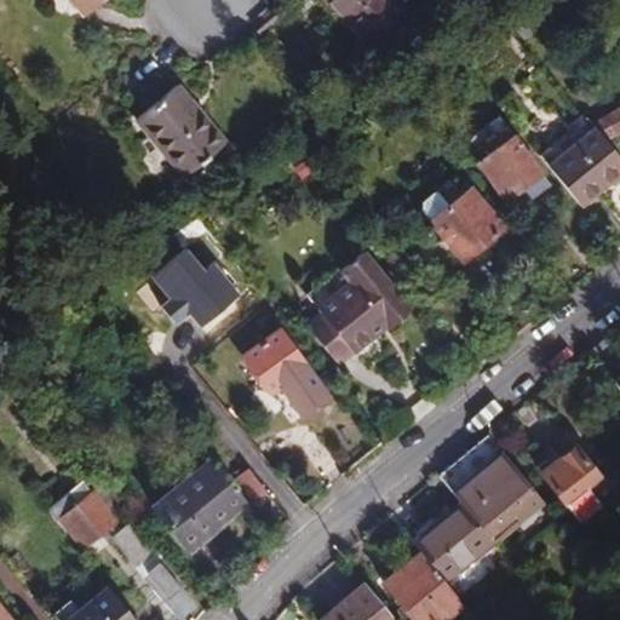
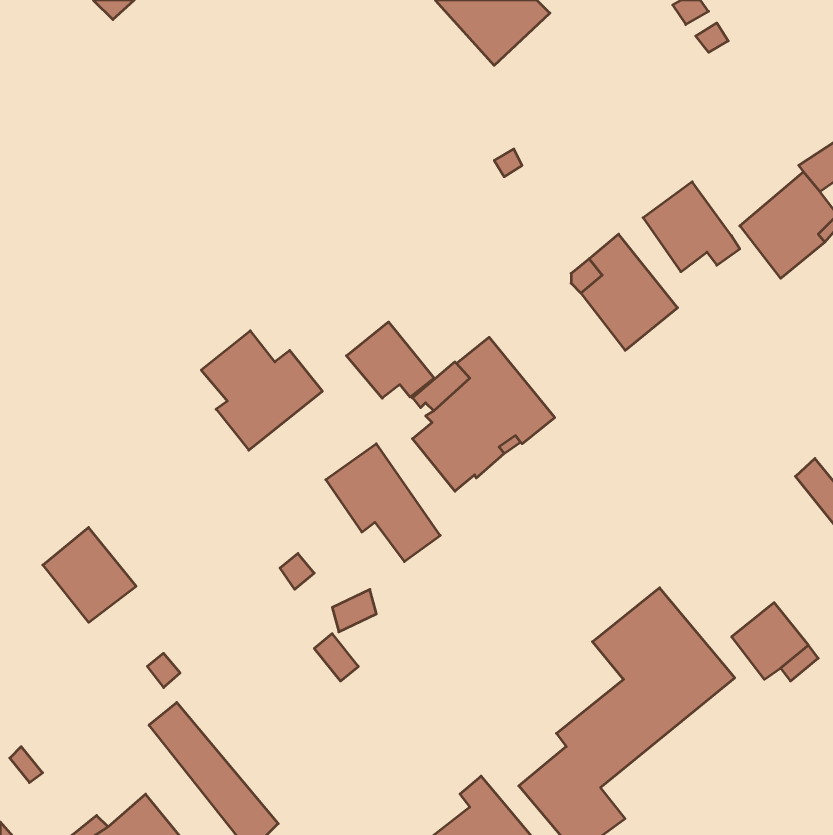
building: [138,86,228,177] -> none
building: none -> [346,322,434,398]
building: [153,460,247,552] -> none
building: [50,481,119,551] -> [43,527,136,622]

